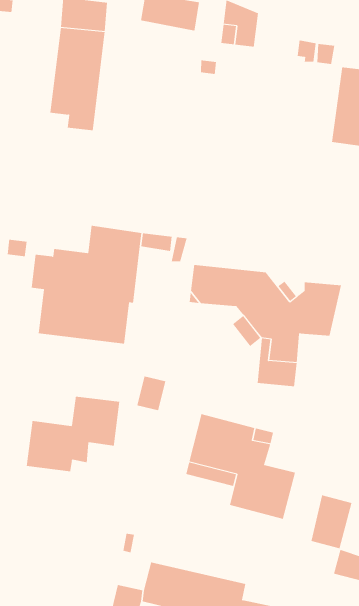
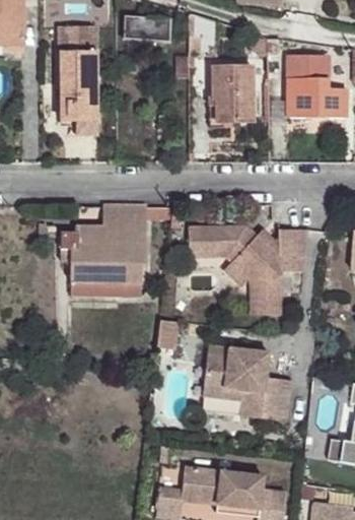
building: none -> [212,66,252,122]
building: [26,396,120,472] -> none
building: [311,494,352,549] -> none

